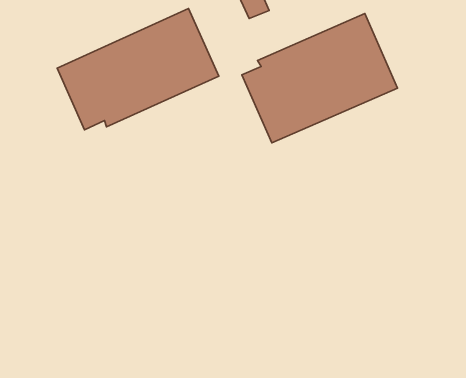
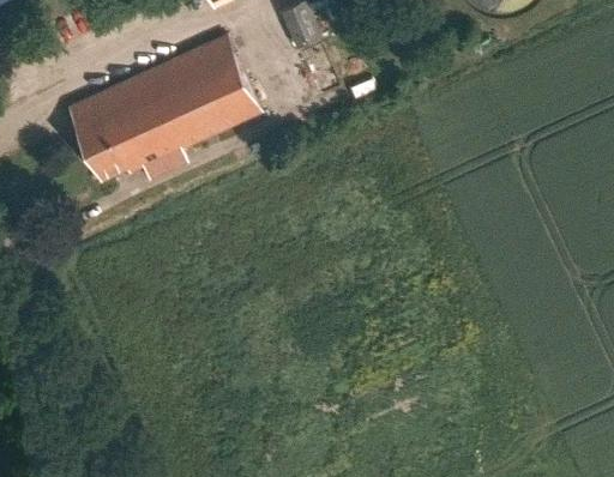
building: [242,13,398,143] -> none

